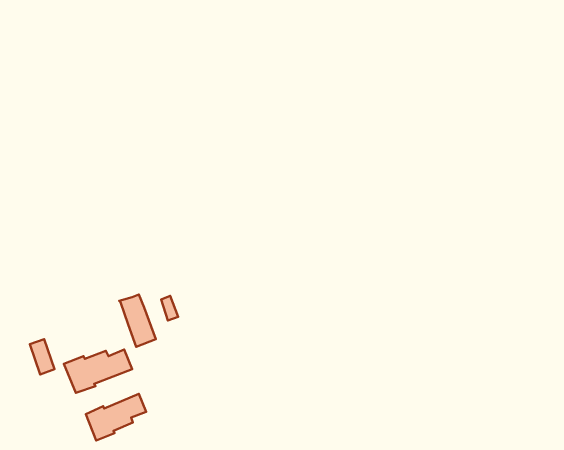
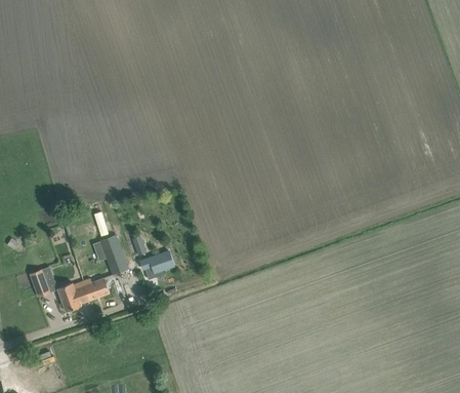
building: none -> [140,250,173,271]
building: [86,394,146,441] -> none

